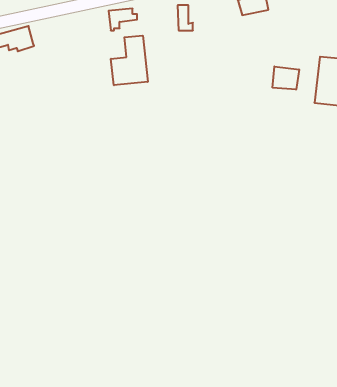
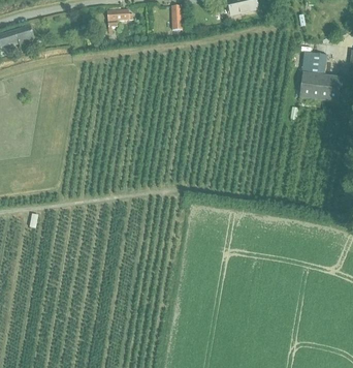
building: [111,36,148,85] -> none
building: [273,66,299,90] -> none

